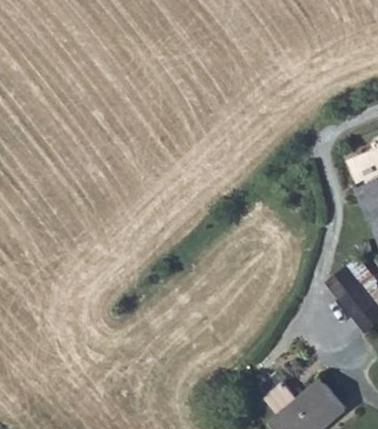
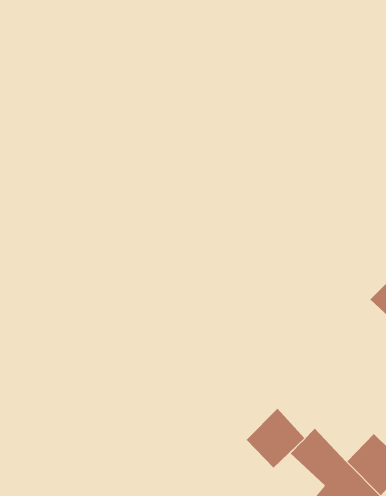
building: none -> [246,408,305,469]

